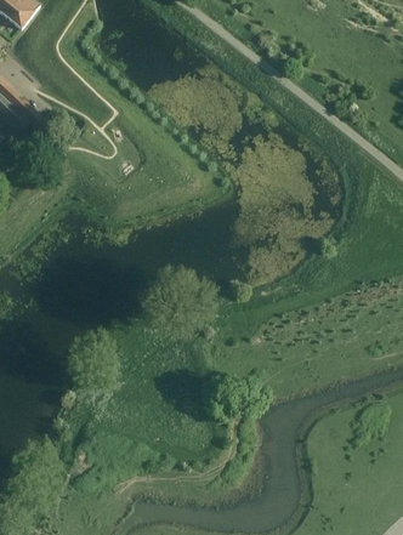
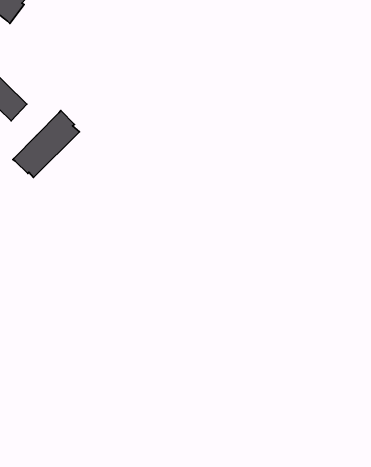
building: none -> [13,110,79,178]

